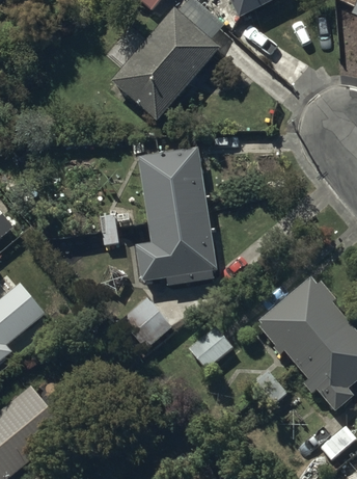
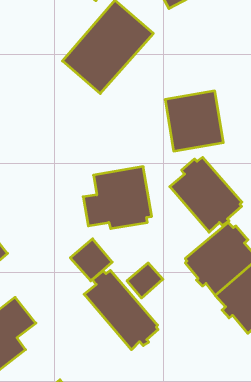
building: [137,147,208,219] -> [165,91,223,151]
building: none -> [170,157,242,232]
building: none -> [84,270,158,350]

